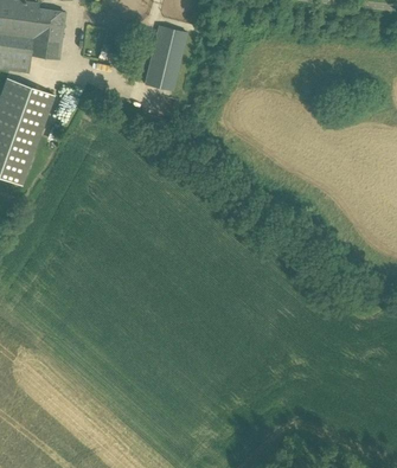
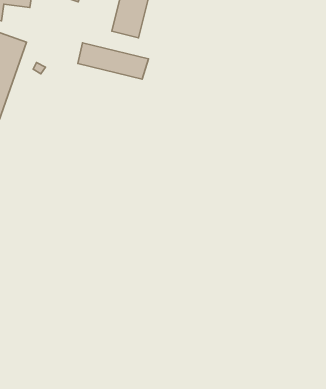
building: none -> [78,43,148,79]

